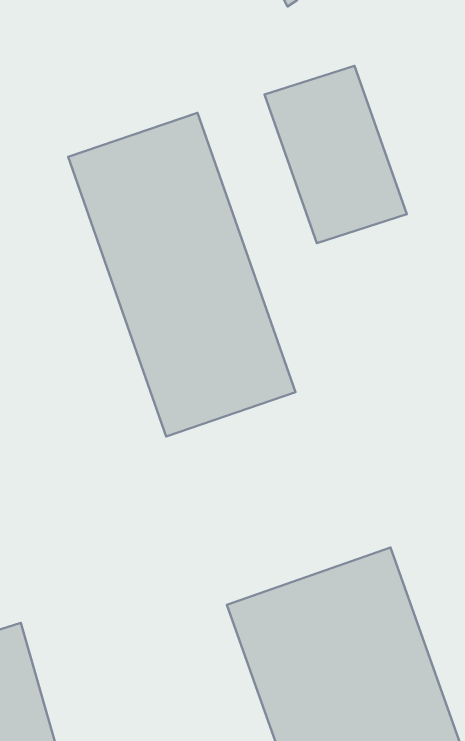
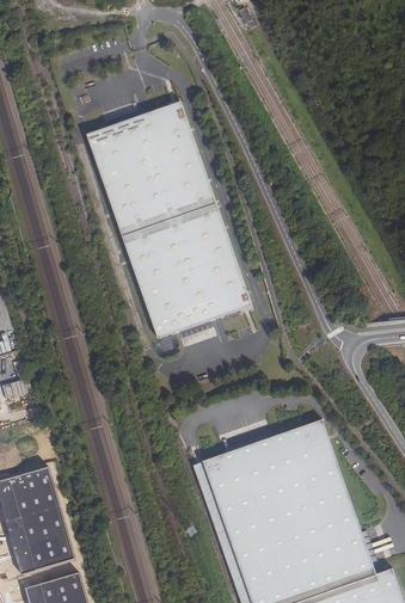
building: [265,66,407,243] -> none

